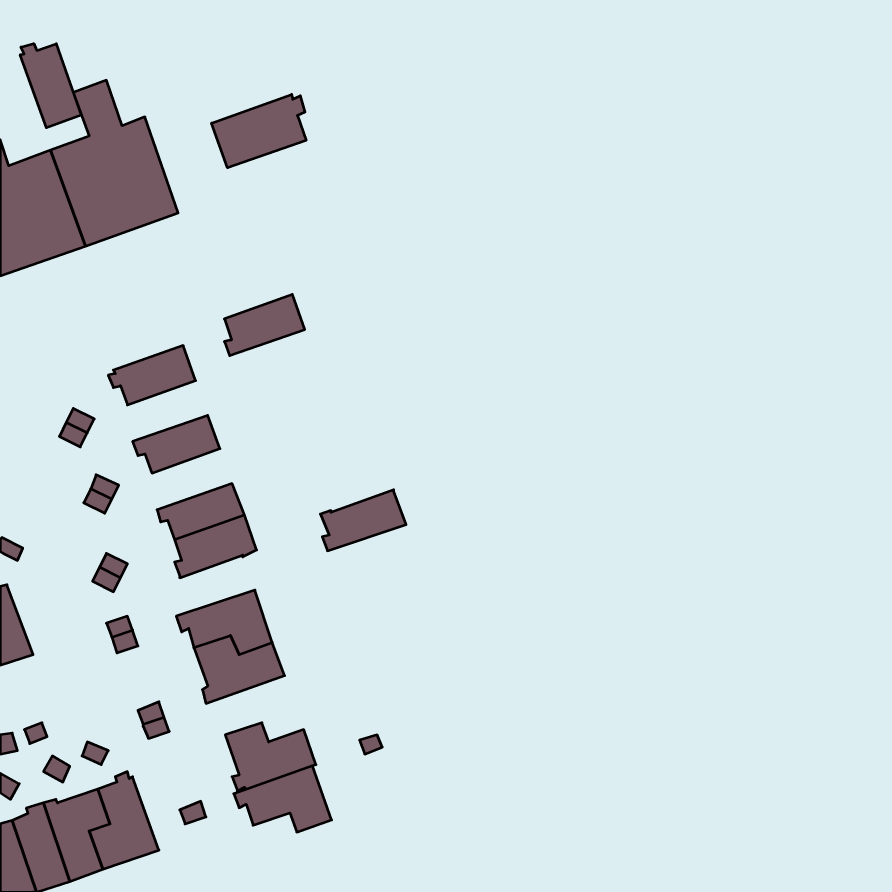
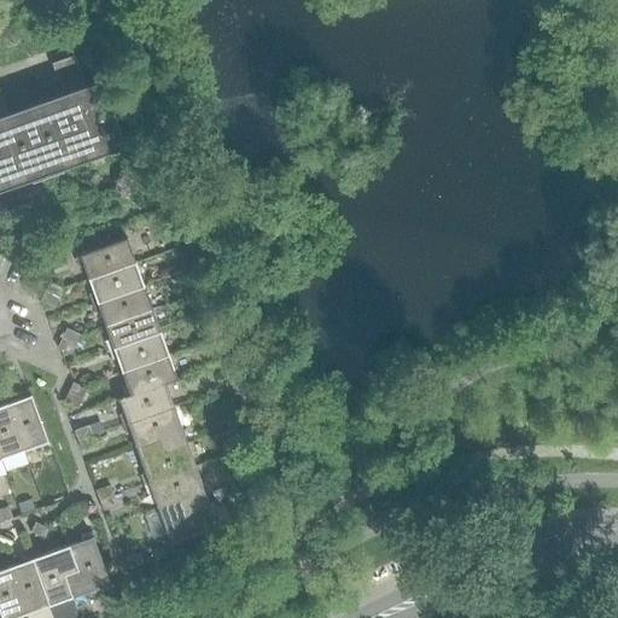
building: [20,44,81,128] -> none
building: [212,94,306,168] -> none
building: [224,294,305,356] -> [88,263,144,305]
building: none -> [105,310,161,352]
building: [320,490,406,551] -> [117,384,176,426]
building: none -> [5,392,47,453]
building: [234,766,332,832] -> [142,467,210,513]

